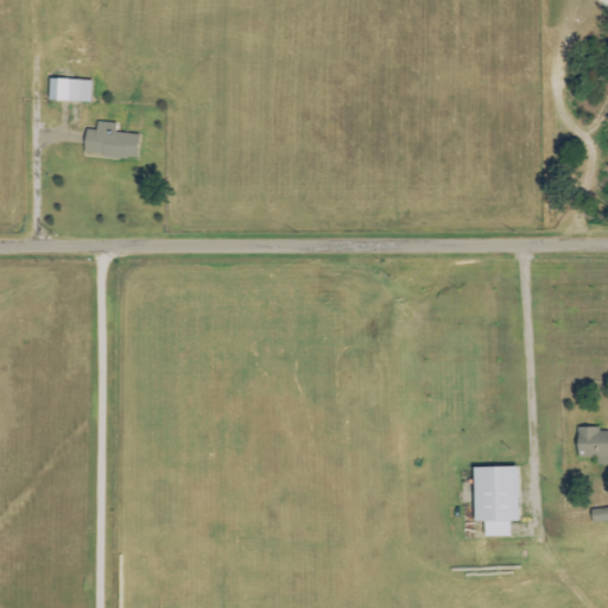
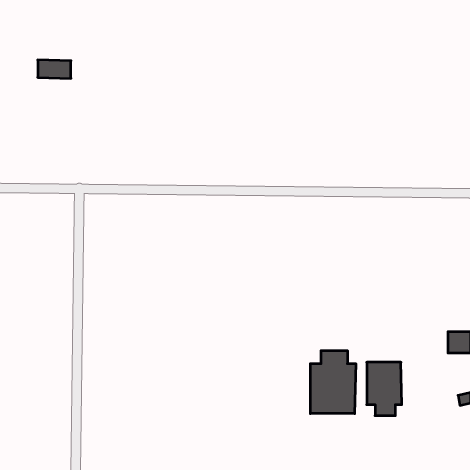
building: [84,121,140,157] -> none
building: none -> [310,351,356,414]

